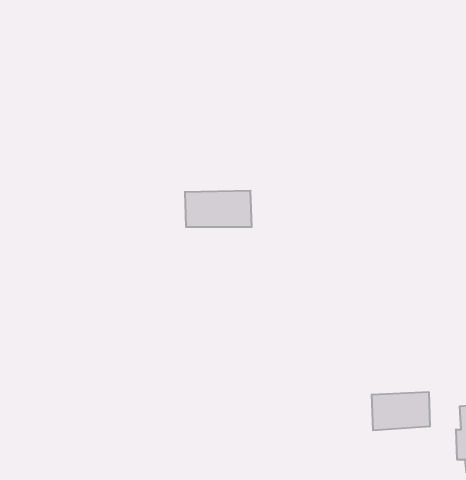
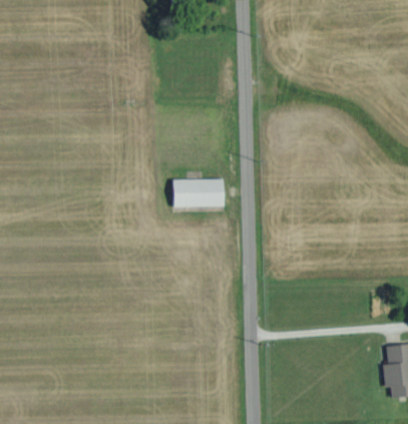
building: [372,392,430,430] -> none

